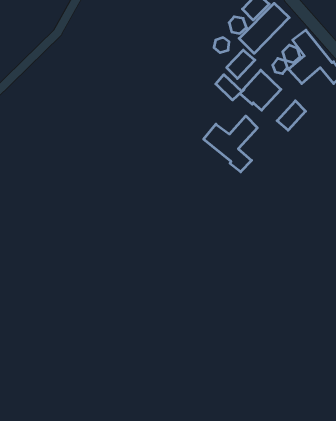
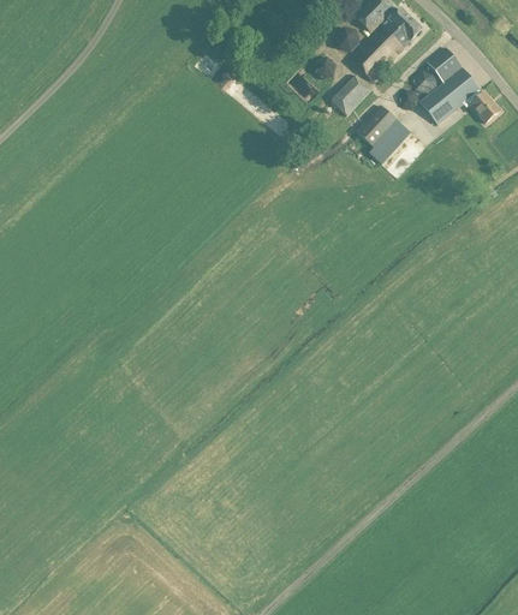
building: [216,75,242,100] -> none
building: [277,101,306,130] -> none
building: [204,116,257,172] -> none

